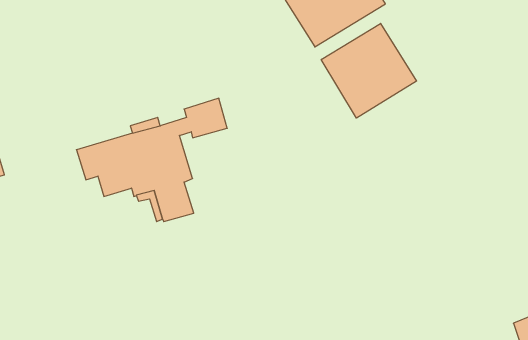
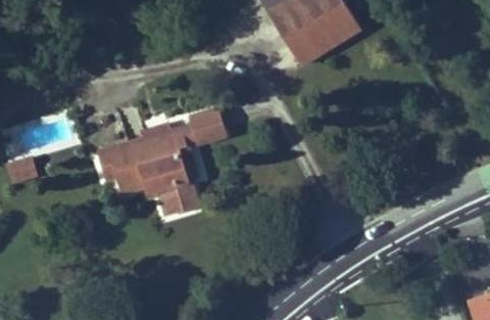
building: [321,23,417,118] -> none

